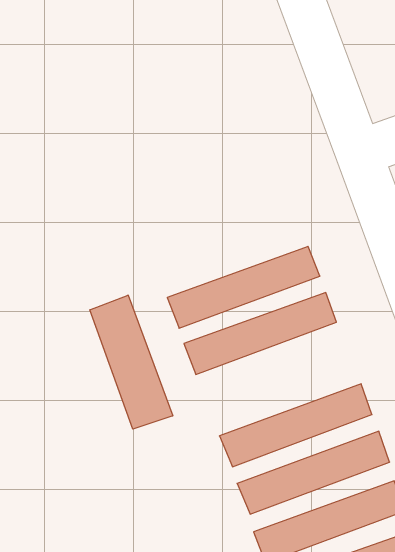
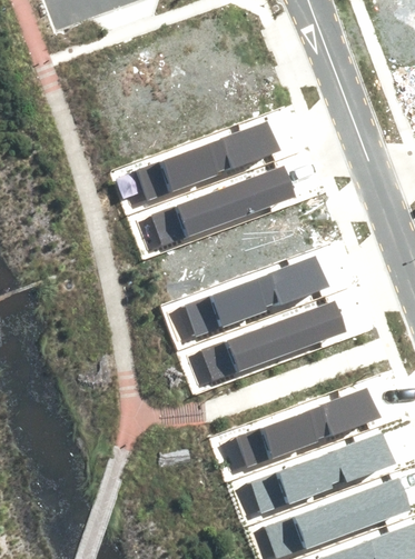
building: none -> [135,120,278,198]
building: none -> [149,166,293,242]
building: [90,295,173,429] -> none

